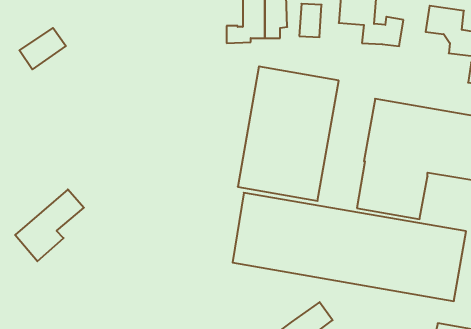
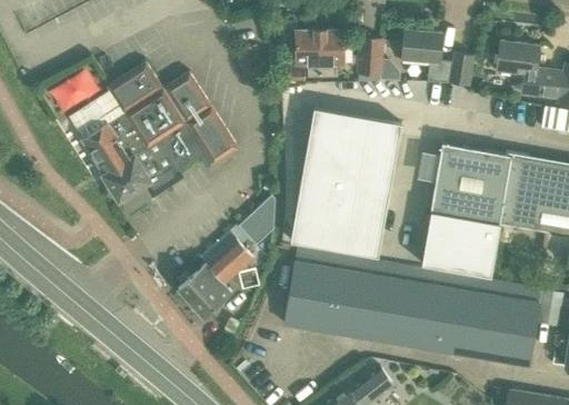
building: none -> [68,62,238,202]
building: none -> [240,200,272,246]
building: [15,189,84,261] -> [178,239,253,318]

